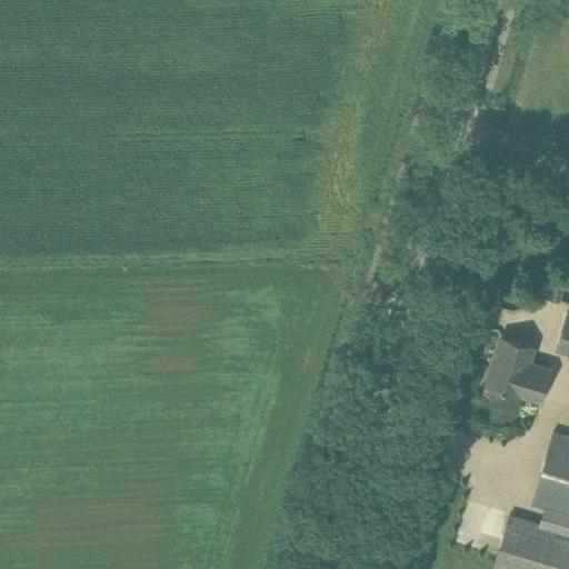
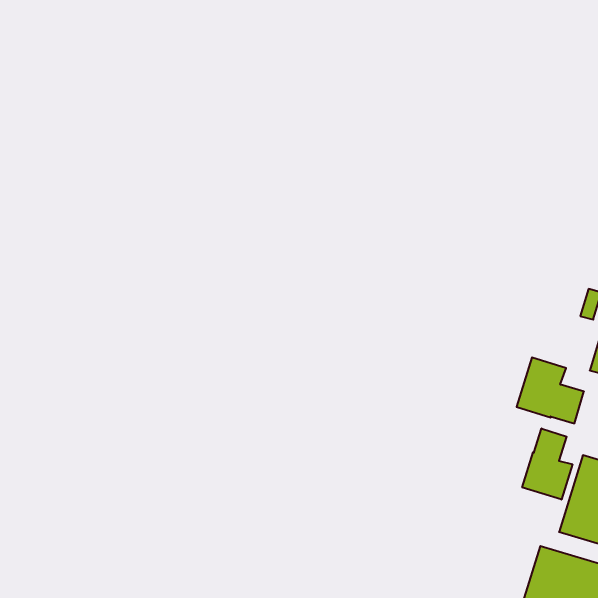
building: none -> [522,428,572,500]

